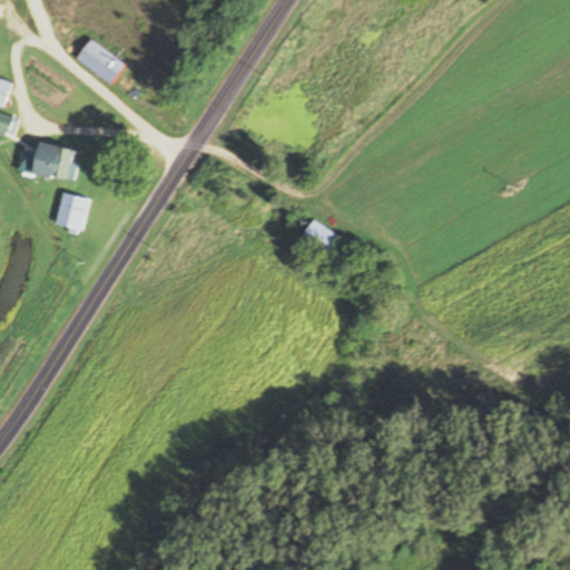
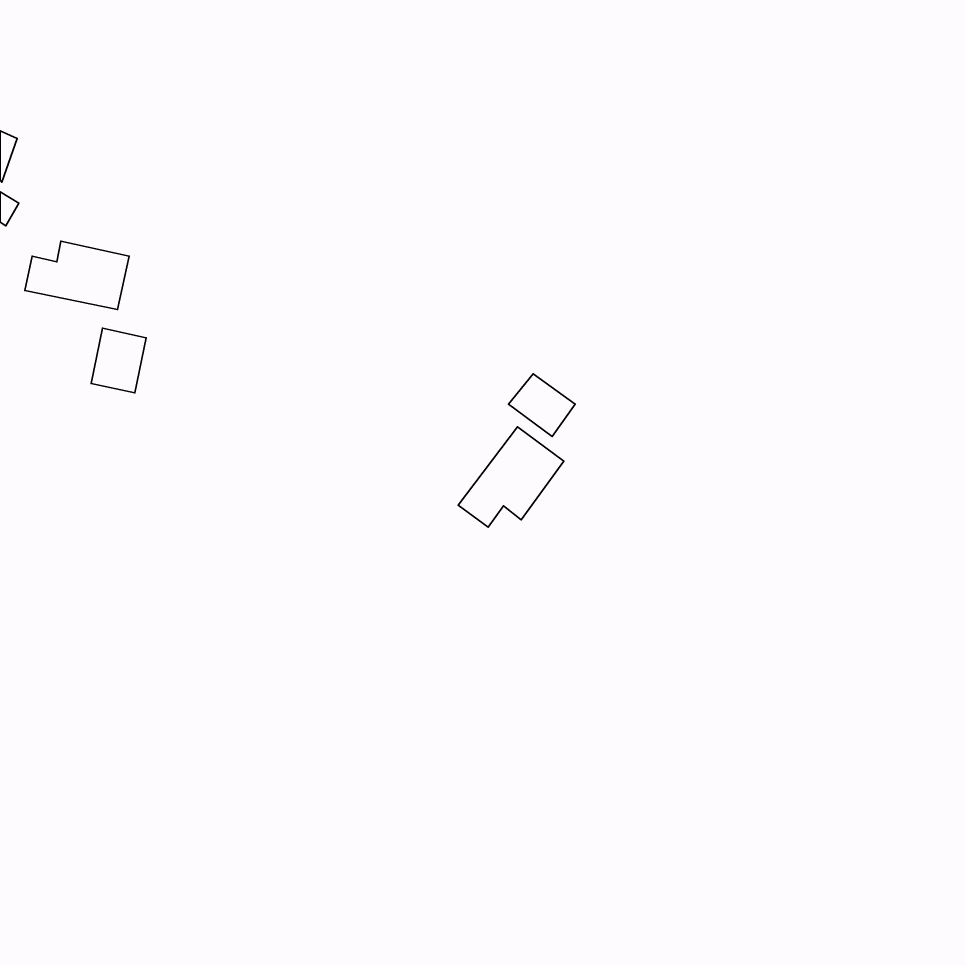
building: [75,37,126,83] -> none
building: none -> [458,427,564,527]

